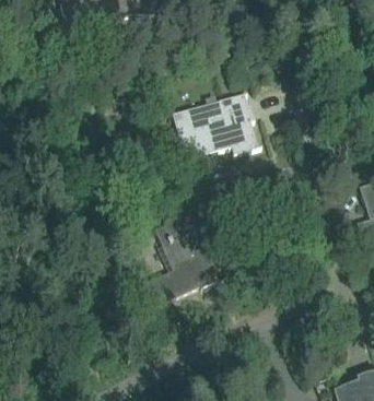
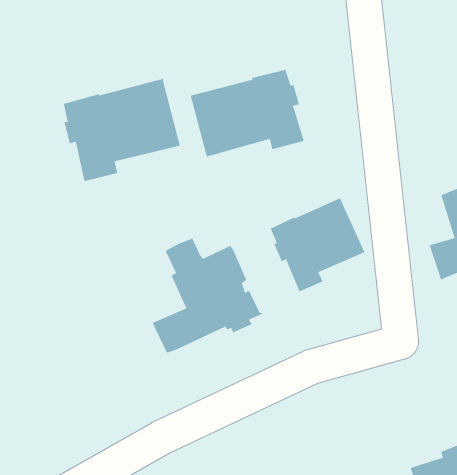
building: none -> [63,78,181,182]
building: none -> [270,197,365,292]

